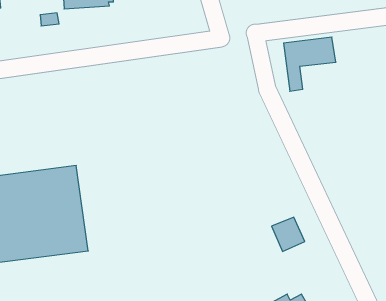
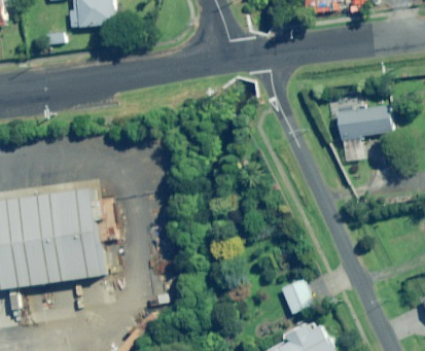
building: [284,37,336,91] -> [342,107,395,163]
building: [272,217,305,251] -> [283,280,317,315]

